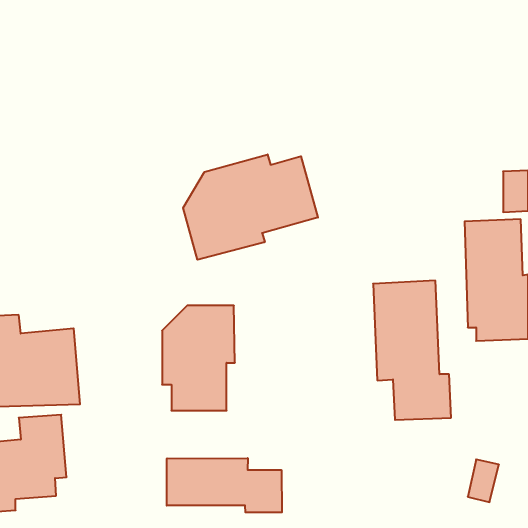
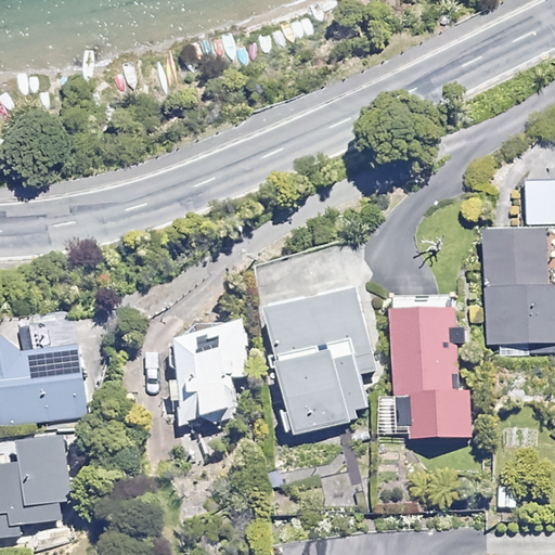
building: [183,154,318,260] -> none
building: none -> [260,285,377,438]
building: [167,458,282,512] -> none

